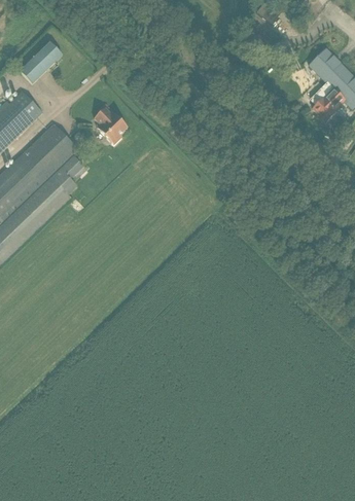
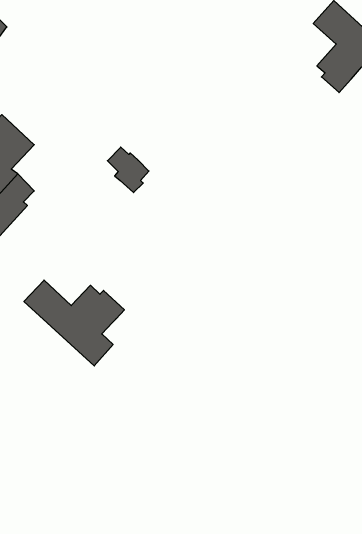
building: [95,105,128,142] -> [107,147,149,193]
building: none -> [24,280,124,366]

